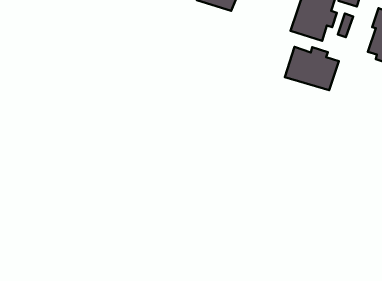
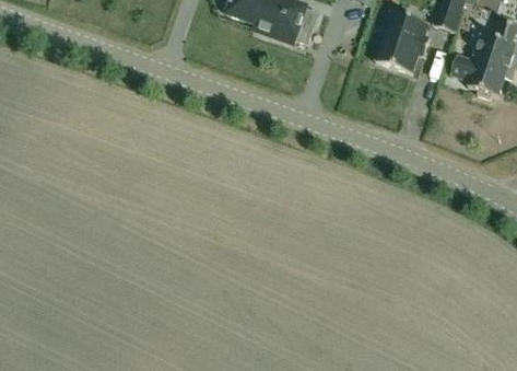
building: [285,47,339,90] -> none

